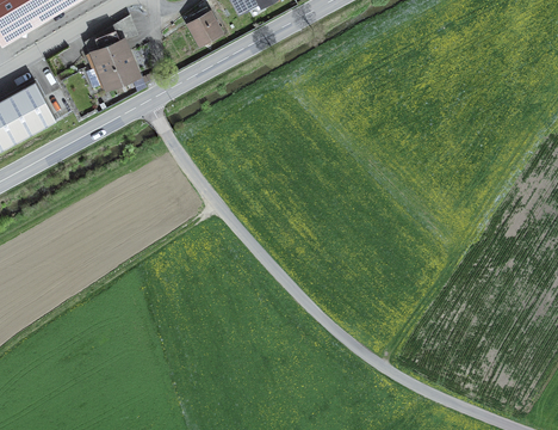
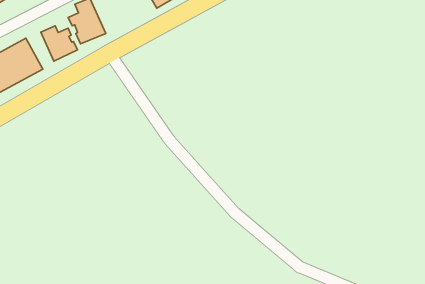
building: none -> [41,26,77,61]

